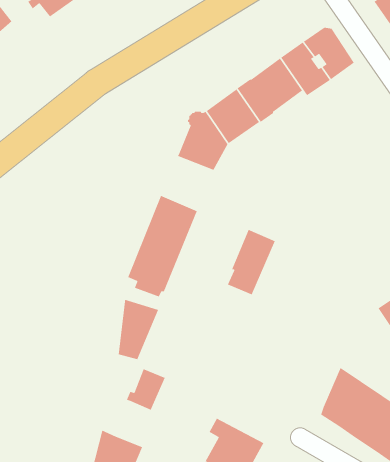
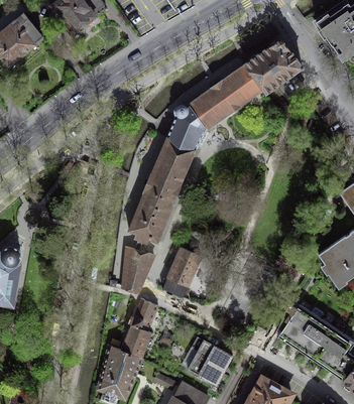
building: none -> [154,138,195,179]
building: [227,229,276,295] -> [163,246,201,296]
building: none -> [121,323,151,358]

